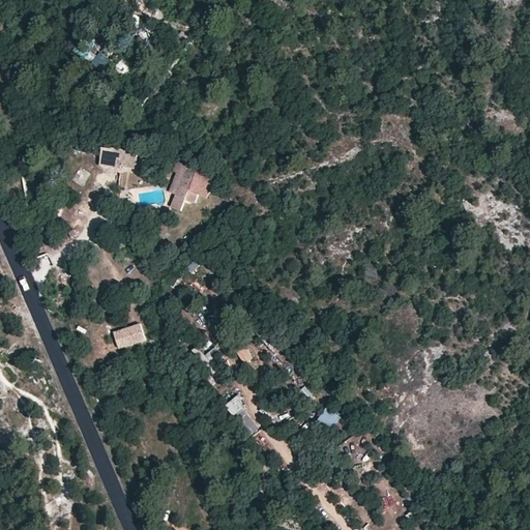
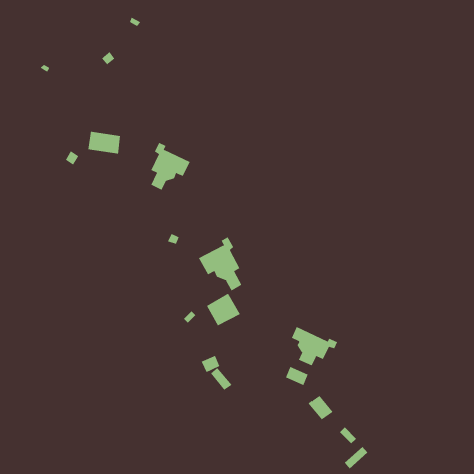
building: none -> [198,237,242,291]
building: [112,323,145,349] -> none
building: none -> [291,326,338,366]

